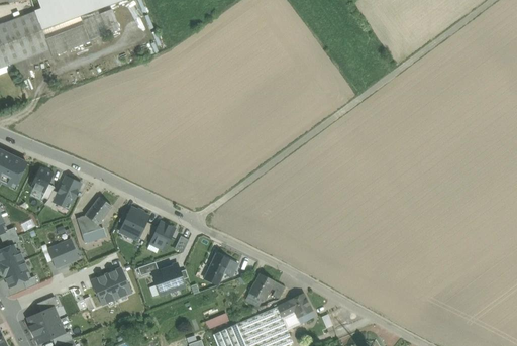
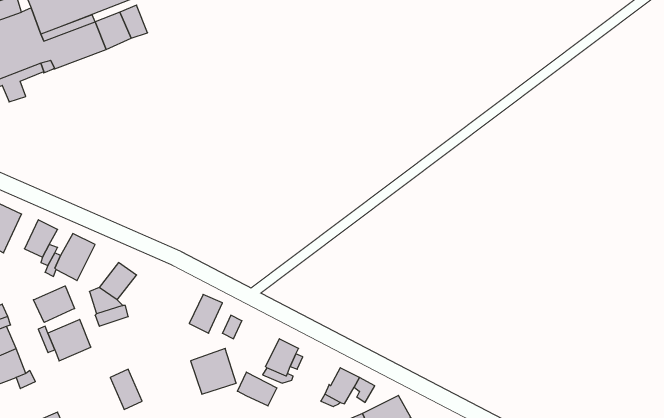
building: [119,203,150,237] -> none
building: none -> [33,286,75,322]
building: [106,268,130,298] -> none
building: none -> [237,372,277,406]

